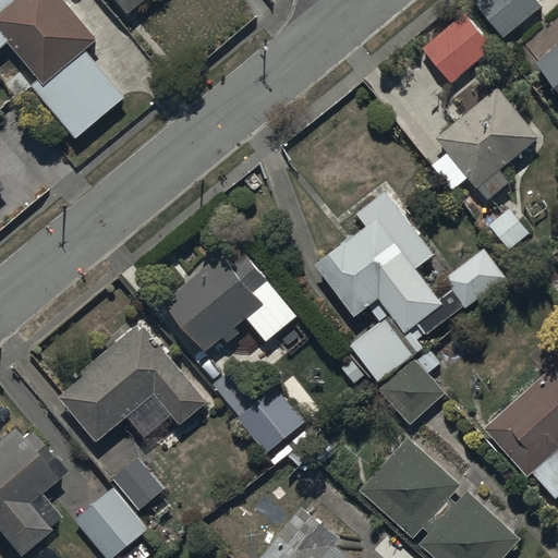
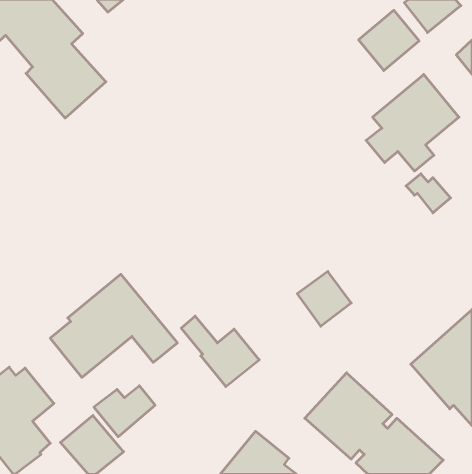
building: [315,190,506,333] -> none
building: [162,254,295,352] -> none
building: [378,350,445,425] -> none

